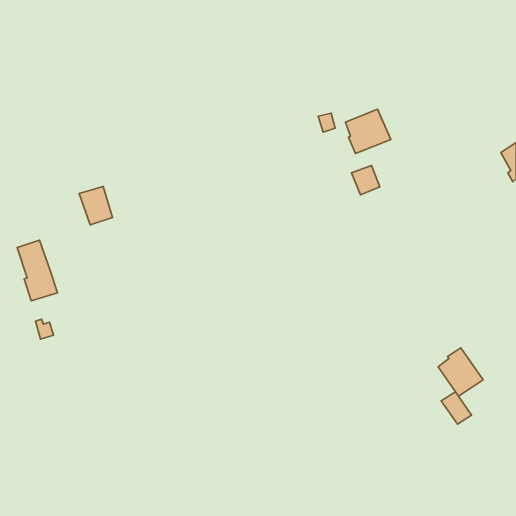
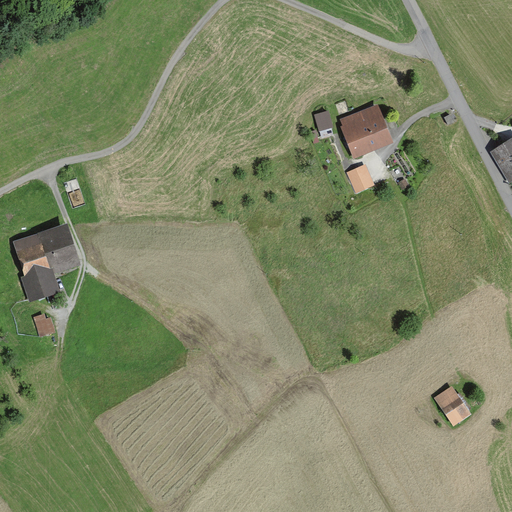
building: [79,186,112,225] -> [39,231,72,269]
building: [438,348,483,396] -> none

